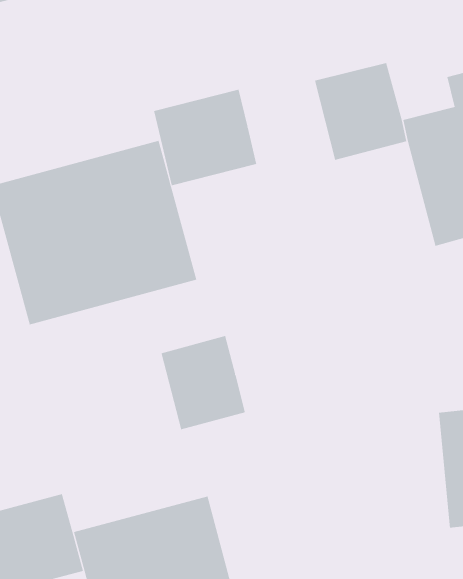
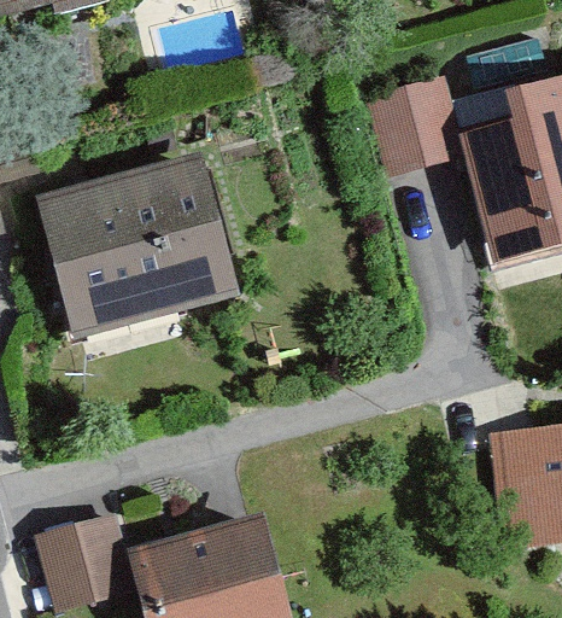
building: [153,89,257,186] -> none
building: [161,335,246,430] -> none

